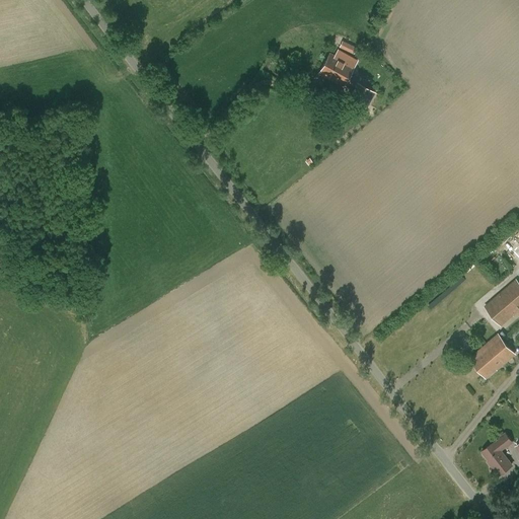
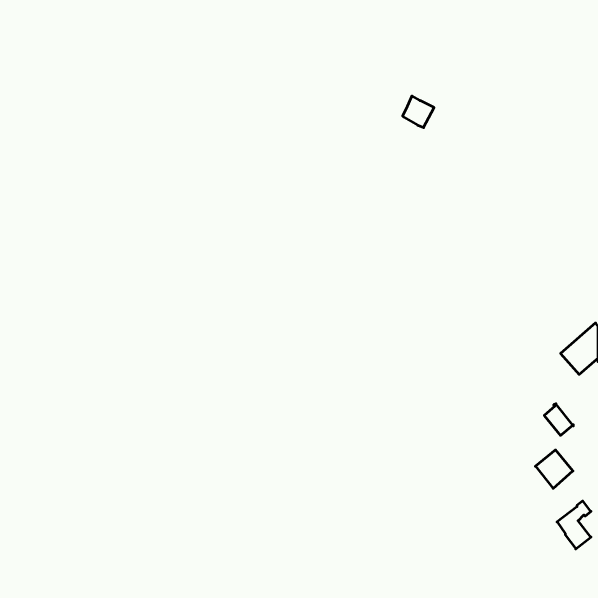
building: [318,49,359,87] -> none
building: [481,336,514,369] -> [535,450,573,488]

